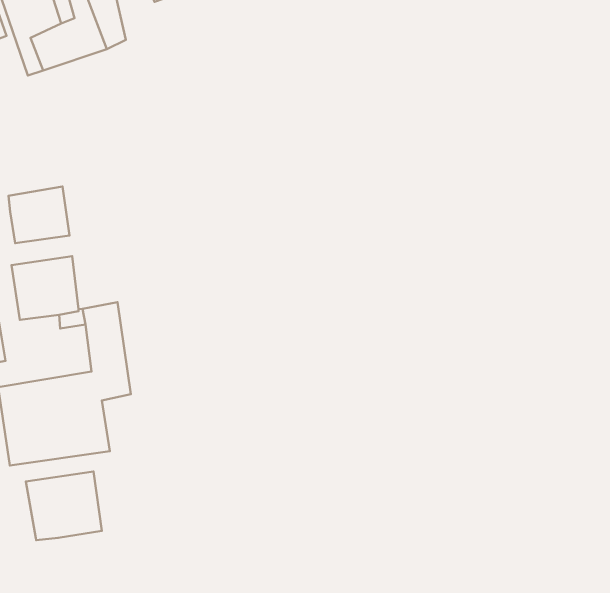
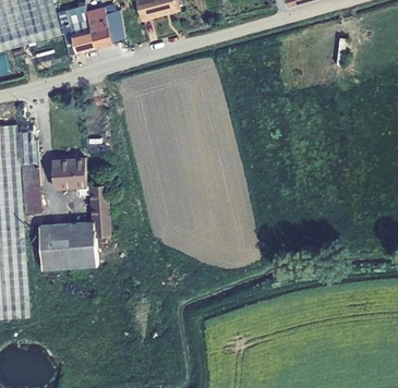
building: [8,187,70,243] -> none
building: [26,471,102,540] -> none

